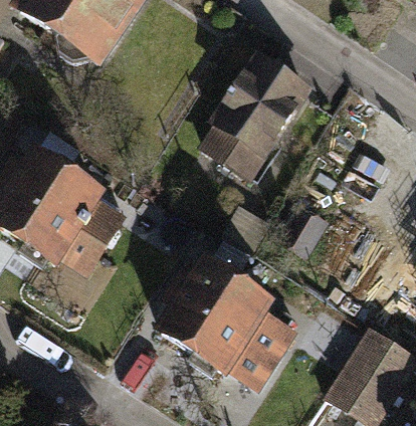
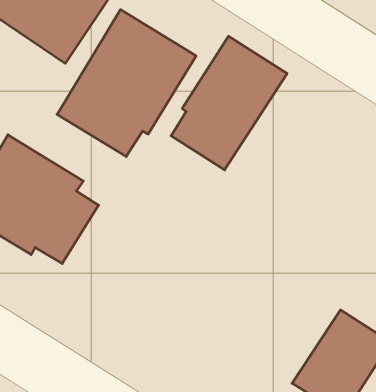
building: none -> [57,10,196,157]
building: [155,253,298,392] -> none

